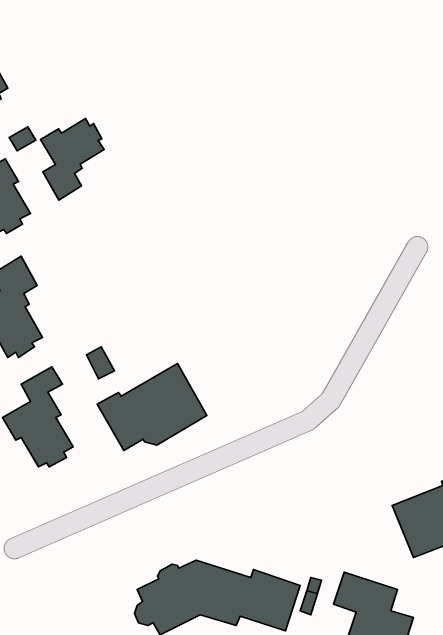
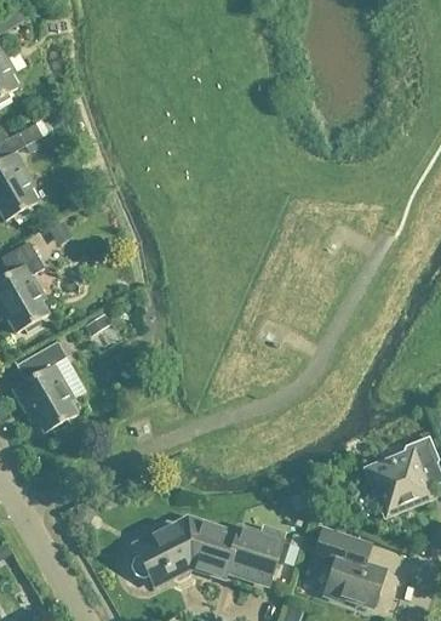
building: [40,118,104,200] -> none
building: [97,364,207,450] -> none

